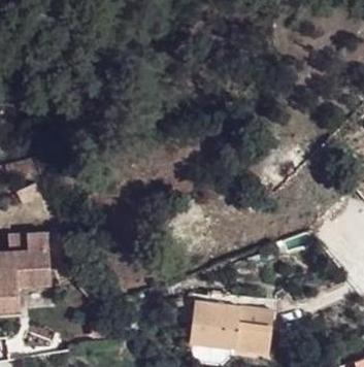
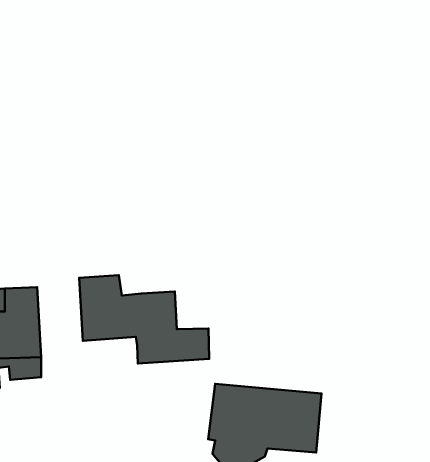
building: none -> [79,275,209,364]

